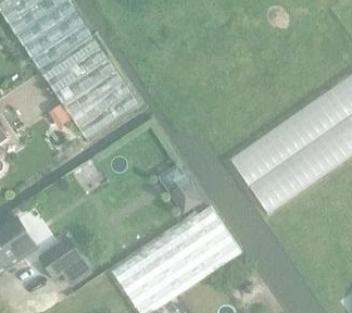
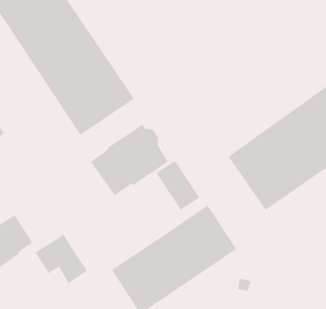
building: none -> [90,124,169,196]

